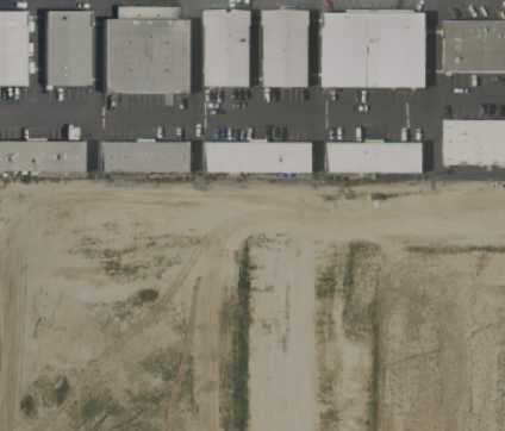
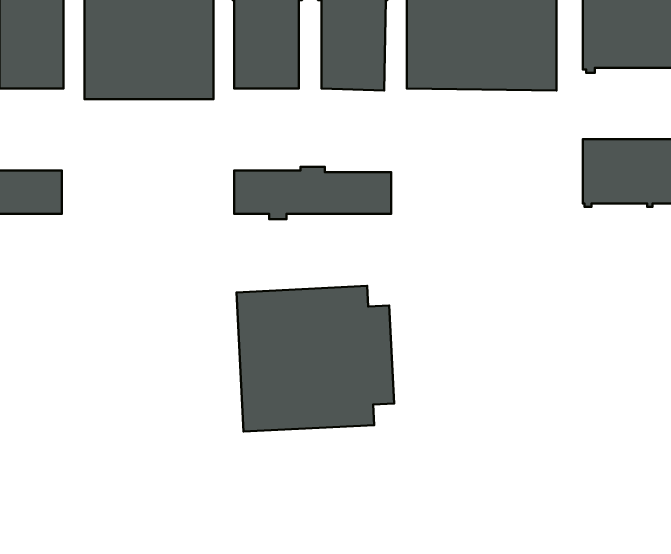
building: [102,139,191,171] -> none
building: [326,139,423,173] -> none
building: none -> [237,286,394,432]

